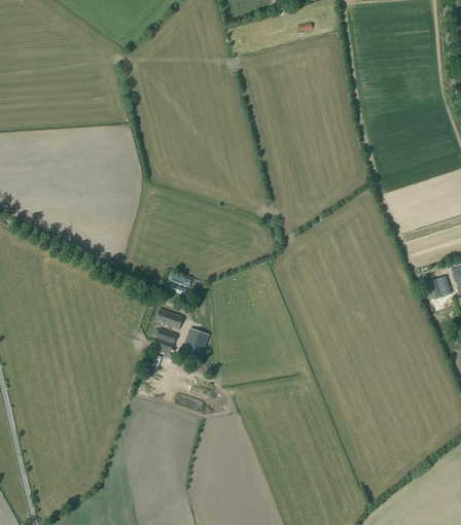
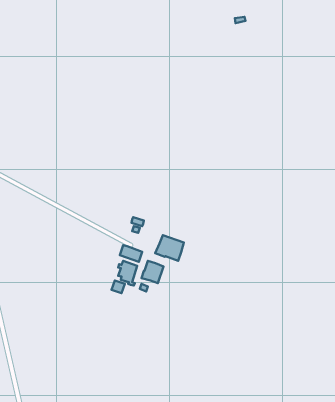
building: none -> [155,235,184,261]

